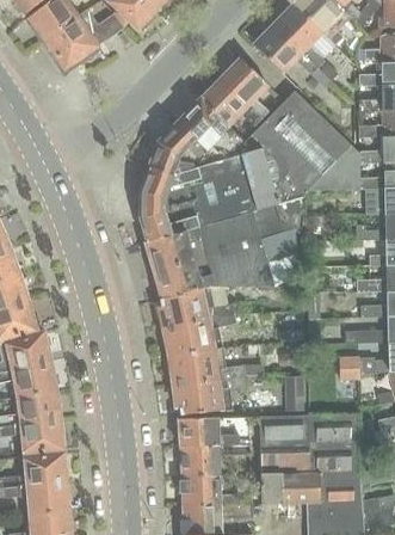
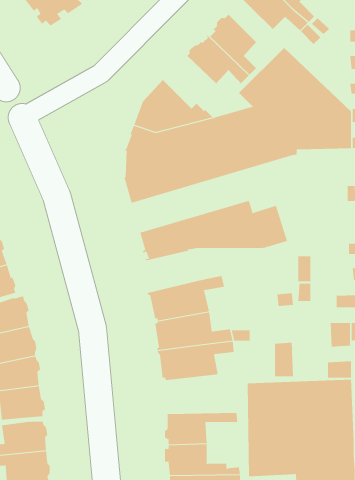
building: [177,99,263,159] -> none
building: [143,196,307,270] -> none
building: [156,285,234,328] -> none
building: [177,416,248,445] -> none

